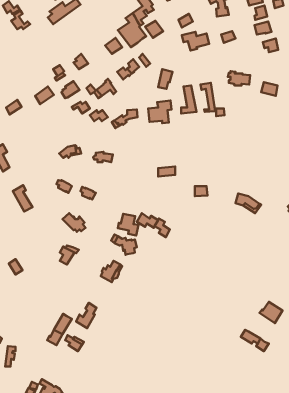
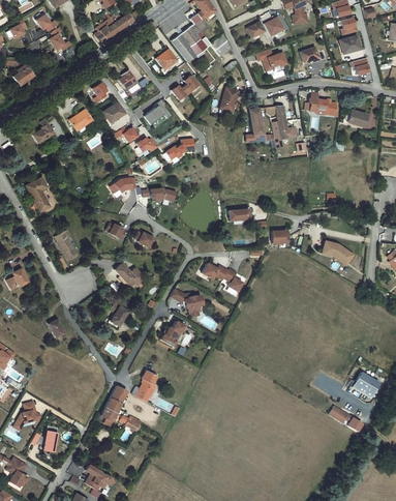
building: [148,101,172,123] -> none
building: [118,214,138,235] -> none

